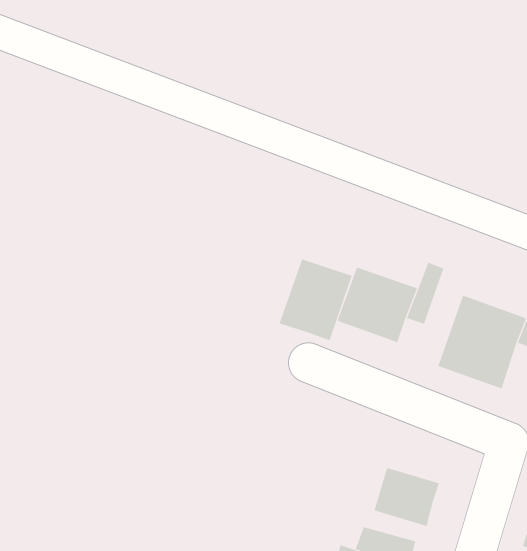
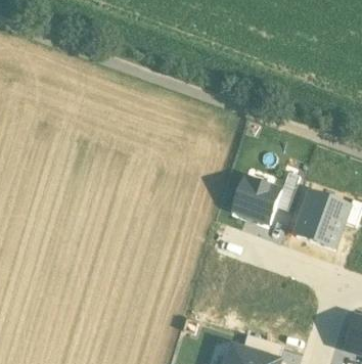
building: [279,258,353,341] -> none
building: [374,467,440,527] -> none

